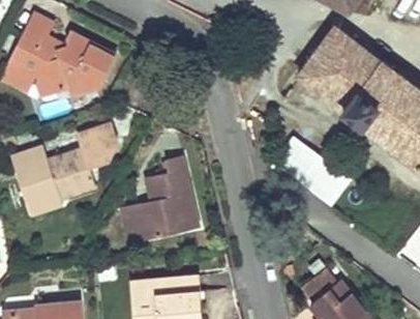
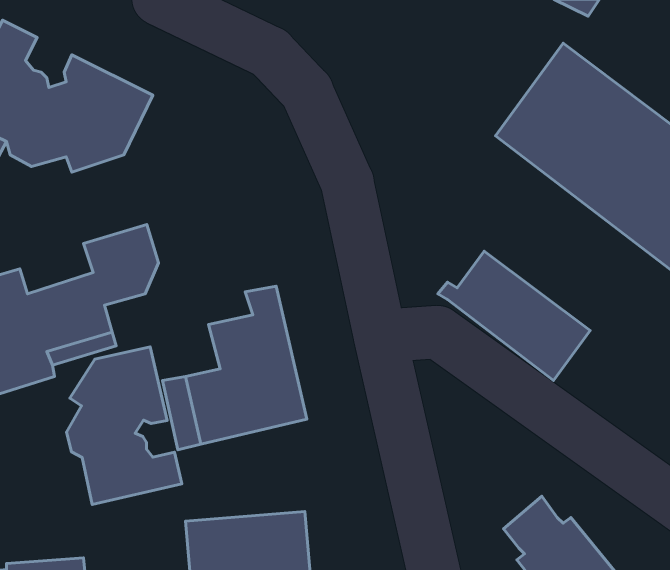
building: none -> [66,347,182,505]

